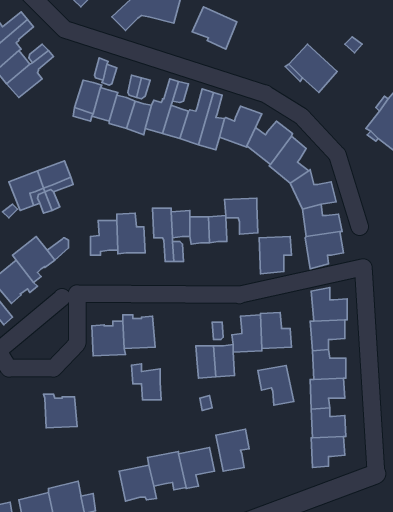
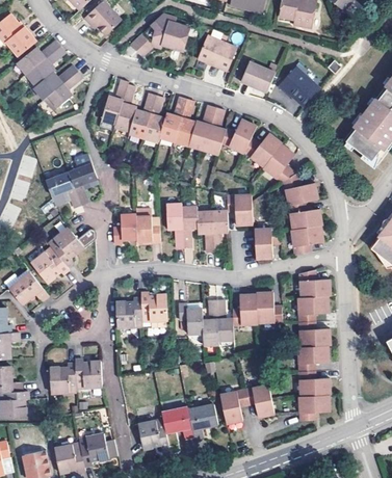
building: none -> [241,60,276,91]
building: [132,364,161,400] -> [178,303,203,334]
building: [258,365,294,405] -> [243,384,273,418]
building: none -> [49,363,76,393]

